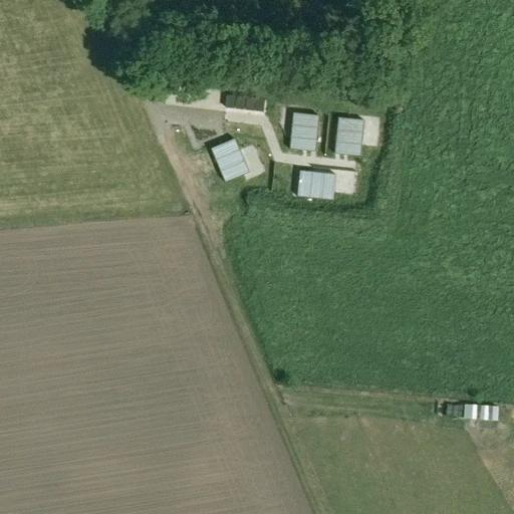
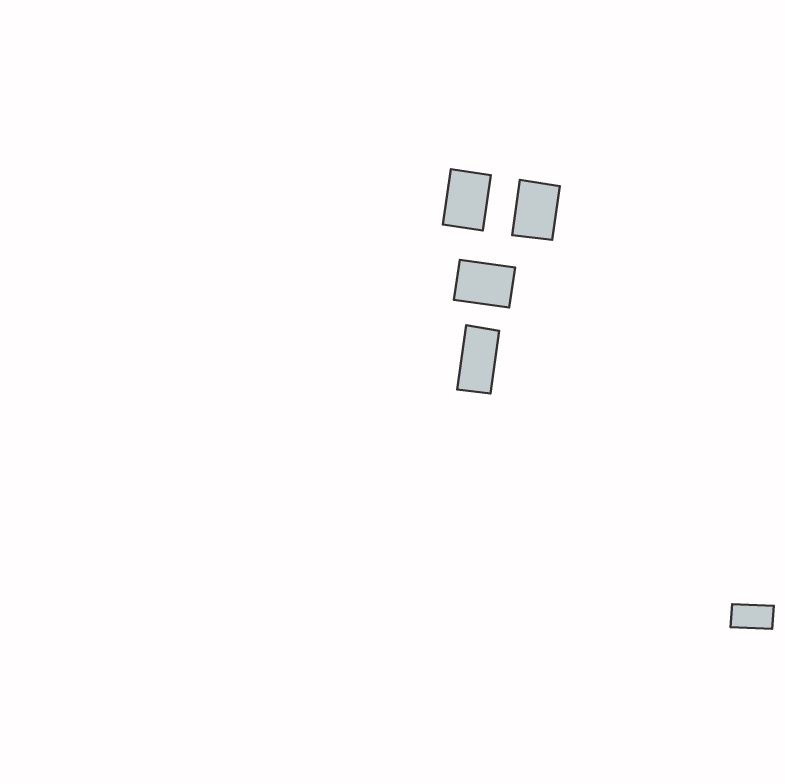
building: [211,137,249,180] -> none
building: none -> [457,325,499,393]

